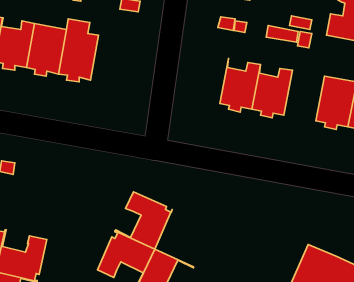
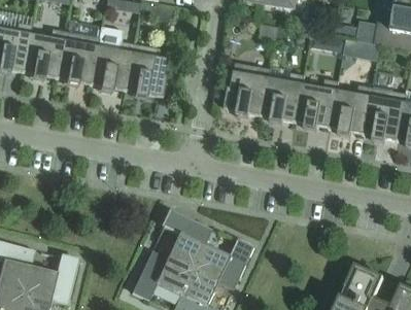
building: none -> [124,43,167,99]
building: none -> [224,62,270,117]
building: none -> [329,80,372,137]
building: none -> [192,228,251,288]

